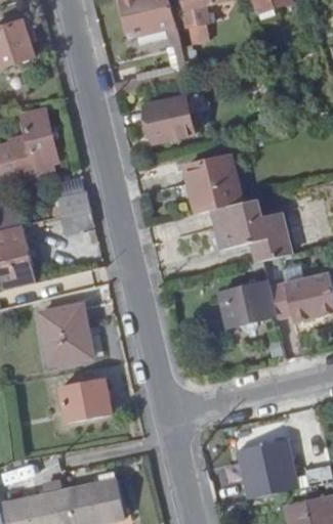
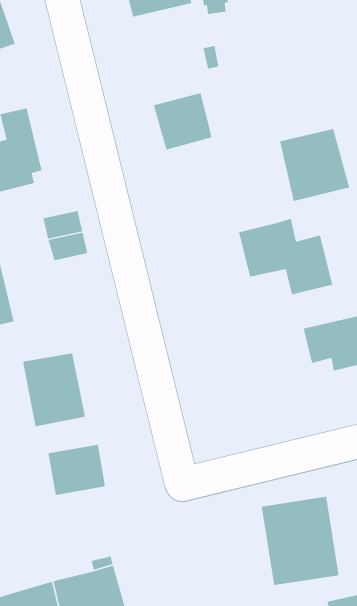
building: [186,155,244,214] -> [279,128,350,202]
building: [219,279,273,324] -> none

